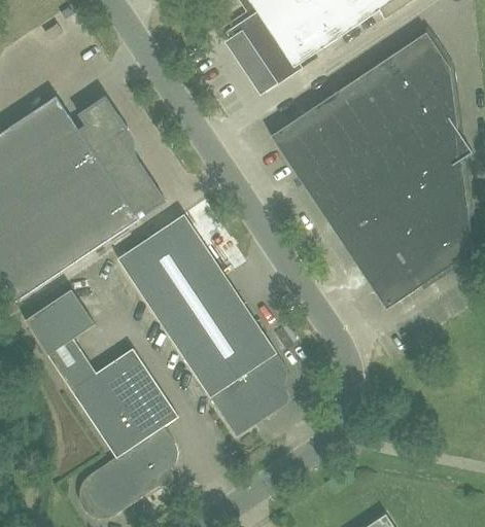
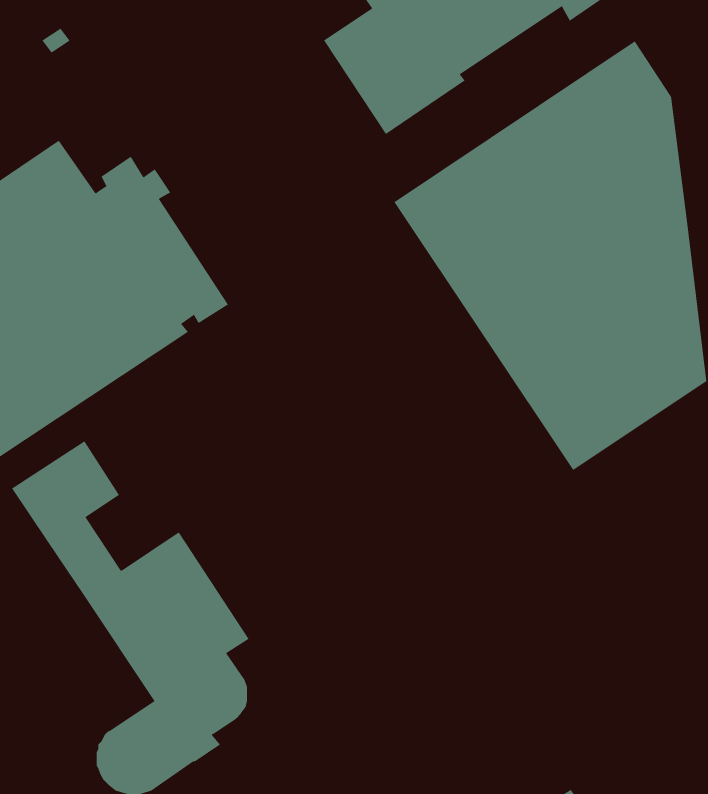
building: [117,214,288,434] -> none

